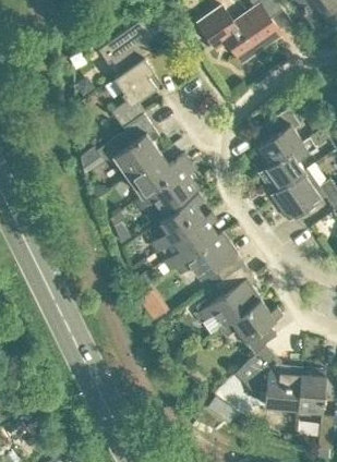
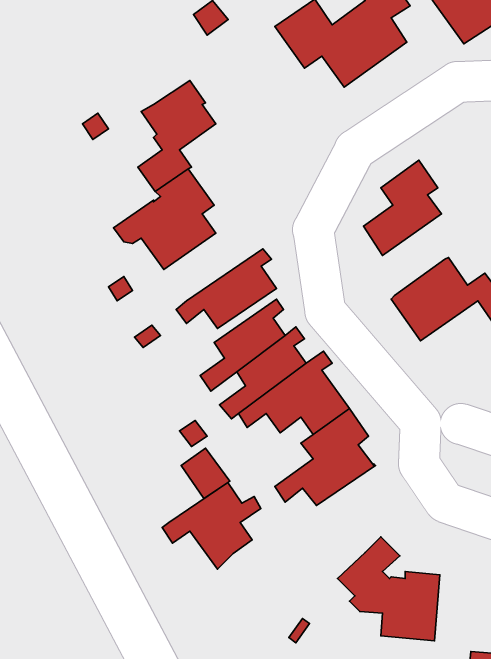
building: [98,20,153,73] -> none
building: [258,137,316,193] -> none
building: [128,154,190,196] -> none
building: [219,300,281,354] -> [162,482,261,569]
building: [298,368,325,412] -> none

